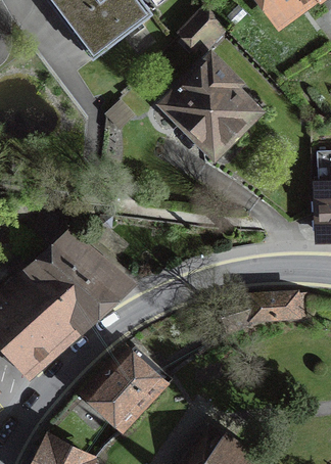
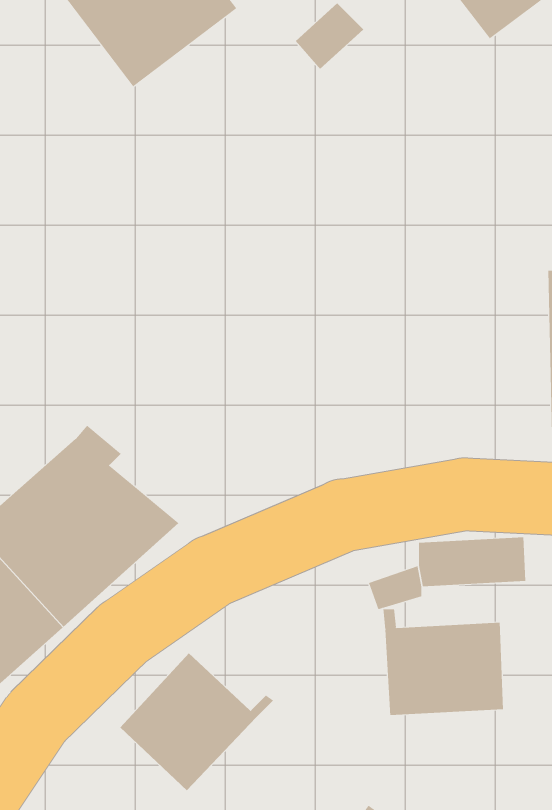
building: [160,48,271,157] -> none
building: none -> [383,608,503,716]

